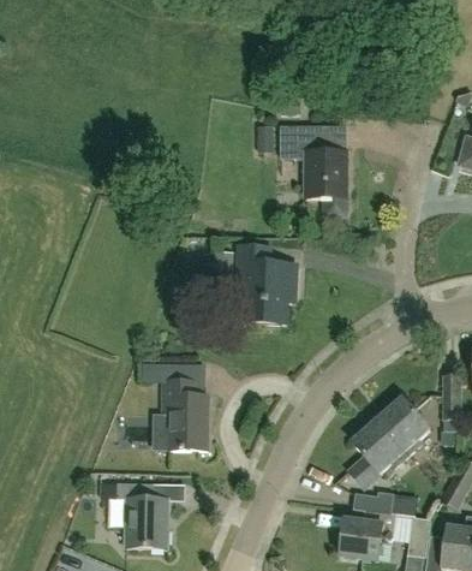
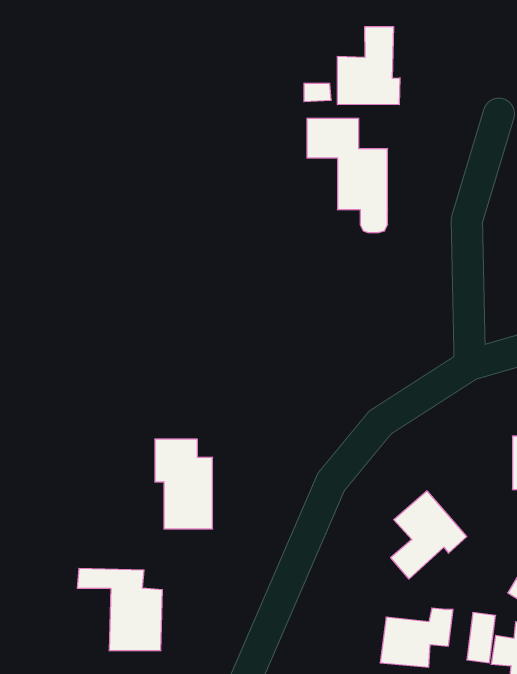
building: none -> [338,27,400,105]
building: [237,244,297,322] -> none
building: [376,398,429,456] -> none
building: [352,490,393,513] -> none

